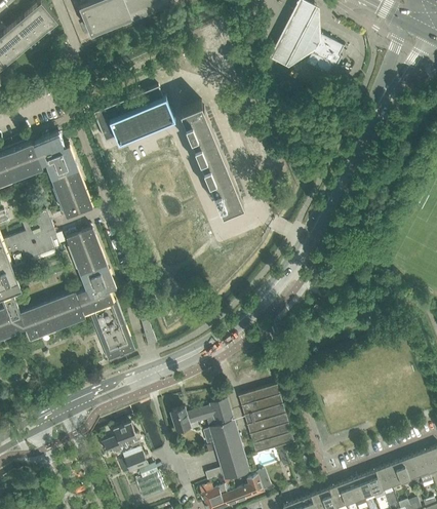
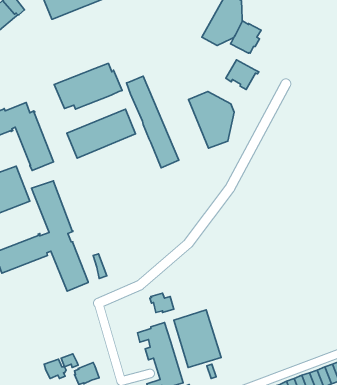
building: none -> [226,60,259,90]
building: none -> [188,91,234,148]
building: none -> [67,109,135,158]
building: [168,408,197,432] -> [150,293,174,313]
building: [113,425,140,448] -> [44,359,66,379]

